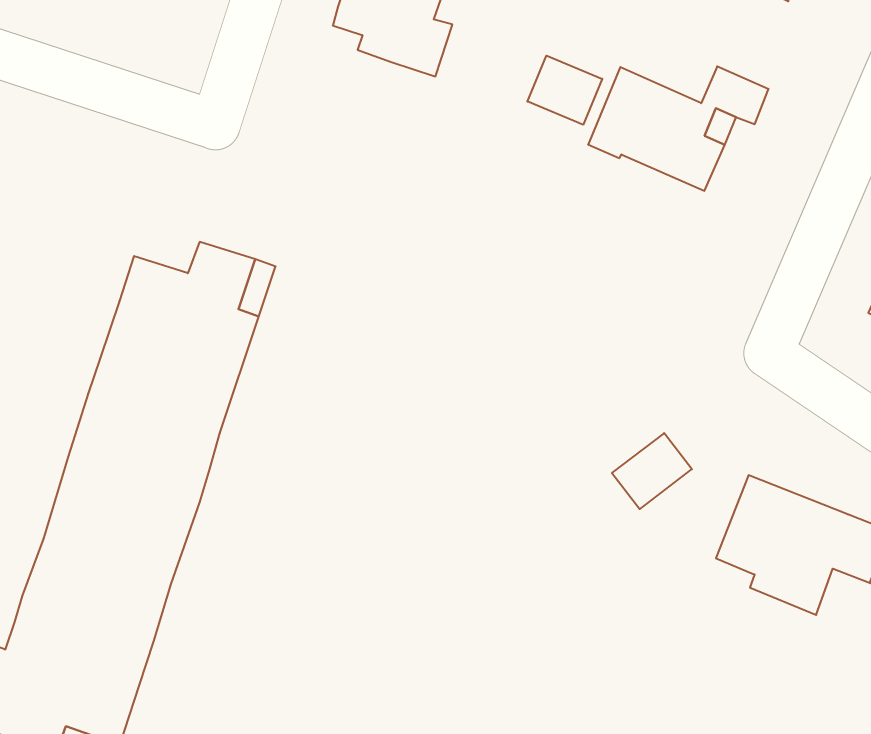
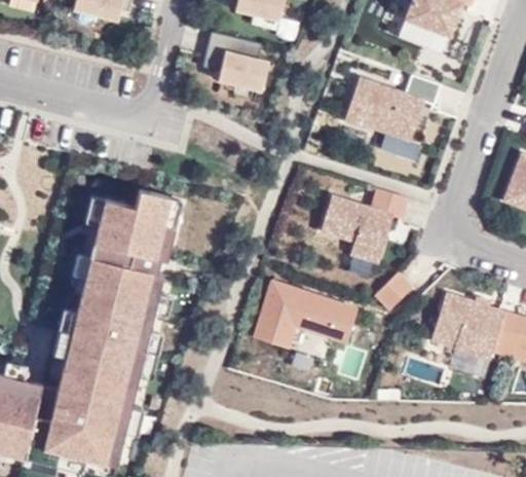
building: [527,56,602,125] -> none
building: none -> [322,189,408,262]
building: none -> [254,280,358,348]

